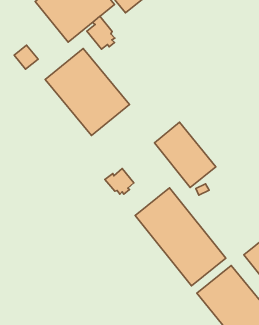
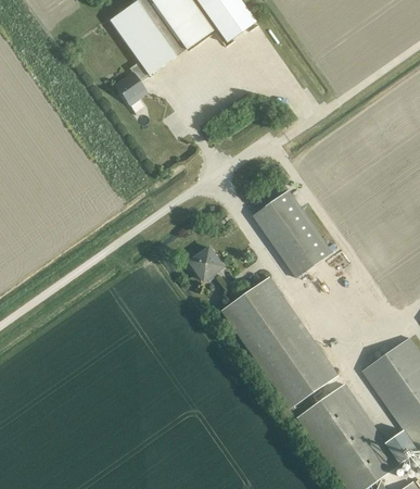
building: [87,16,115,49] -> none
building: [14,45,38,69] -> [115,73,147,104]
building: [45,48,129,136] -> none

